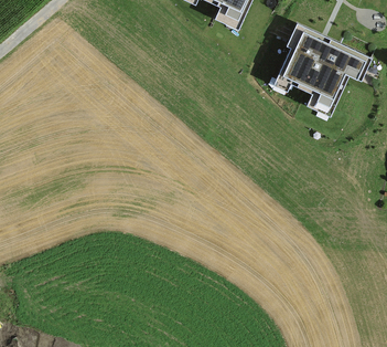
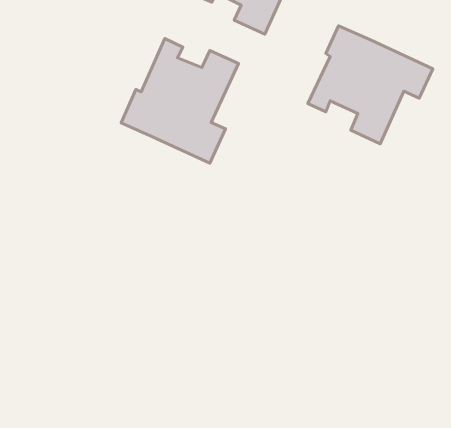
building: none -> [121,38,238,163]

